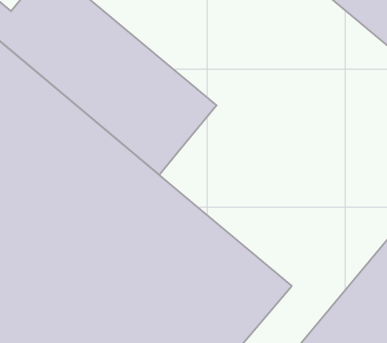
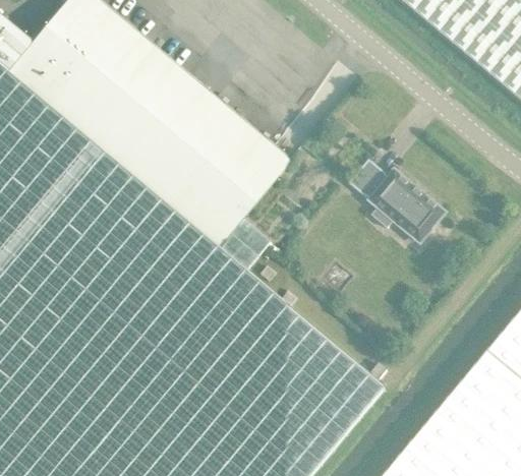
building: none -> [349,162,445,243]
building: none -> [218,221,269,273]

